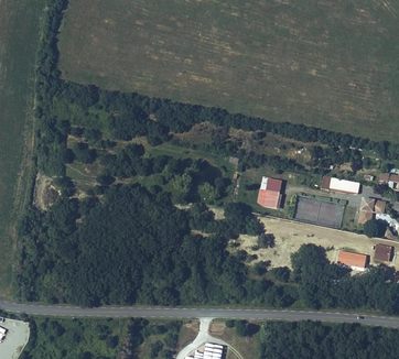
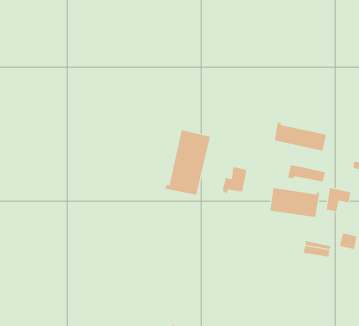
building: none -> [274,122,327,152]
building: none -> [165,130,210,196]

